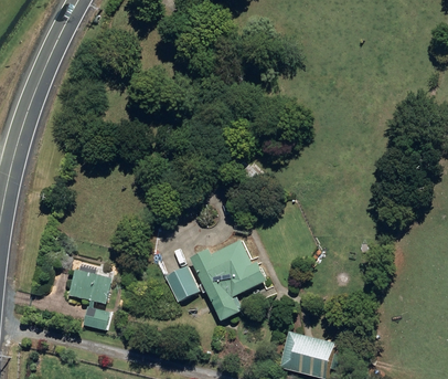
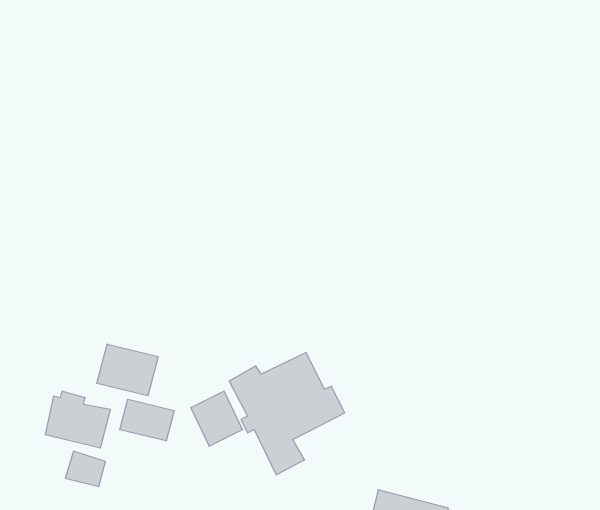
building: none -> [97,344,158,396]
building: none -> [120,399,174,441]

